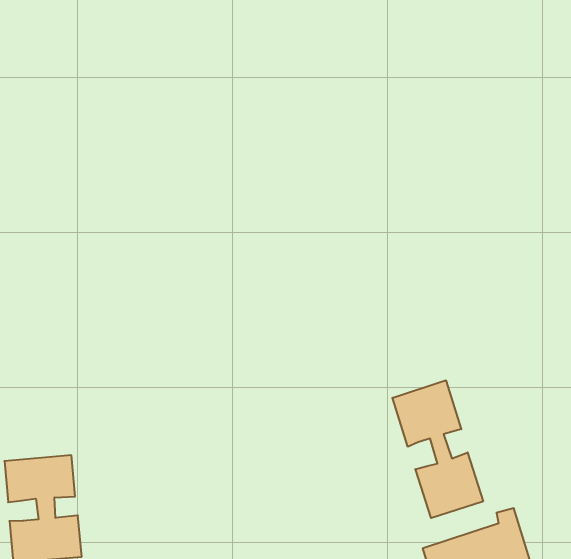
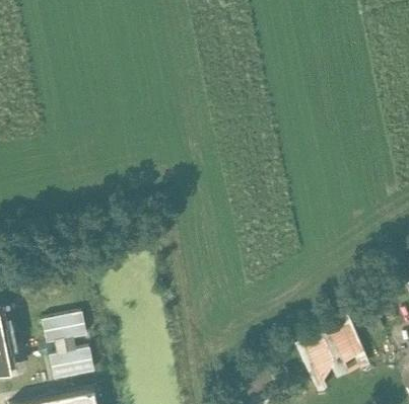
building: [392,380,483,518] -> none

